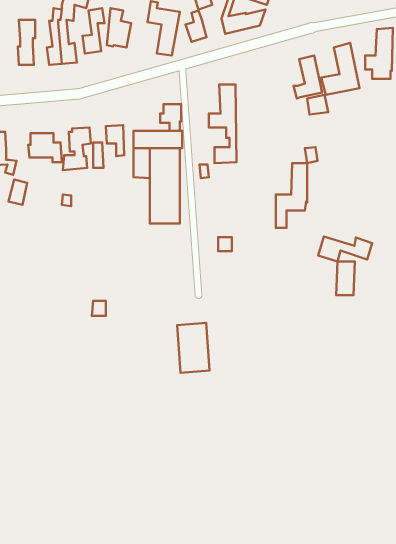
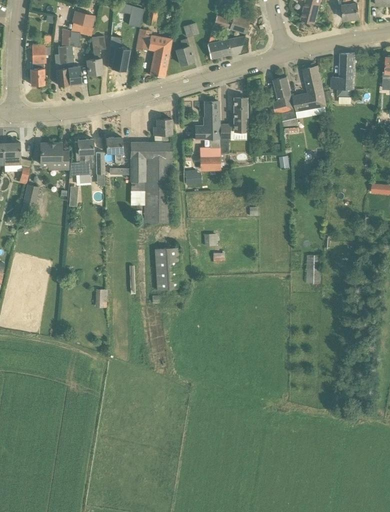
building: [276,163,307,228] -> [219,97,246,153]
building: [318,236,372,262] -> none
building: [177,323,210,373] -> [153,246,181,289]

